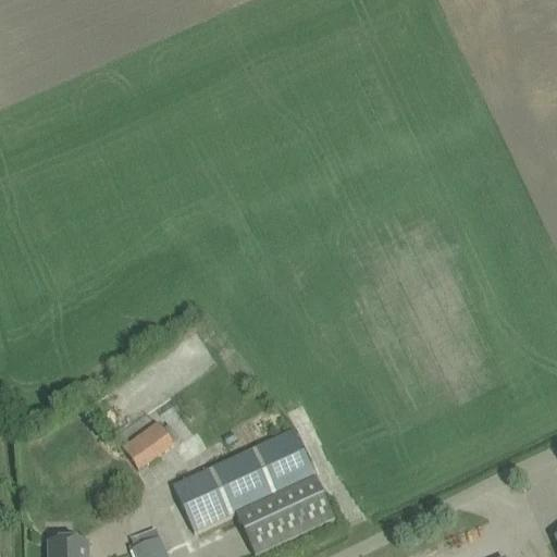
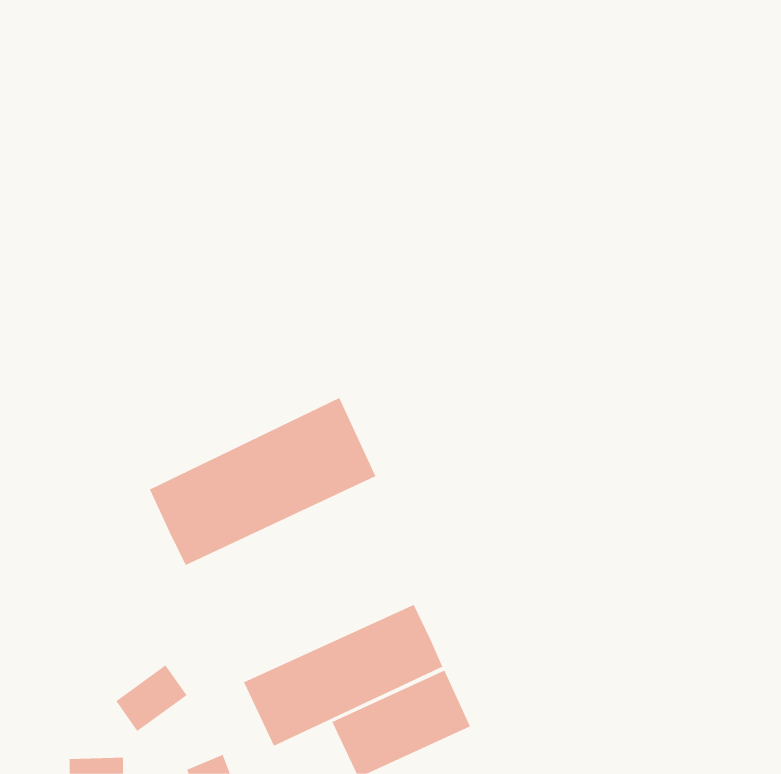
building: none -> [149,397,376,566]
building: [123,420,174,468] -> [116,664,187,732]

